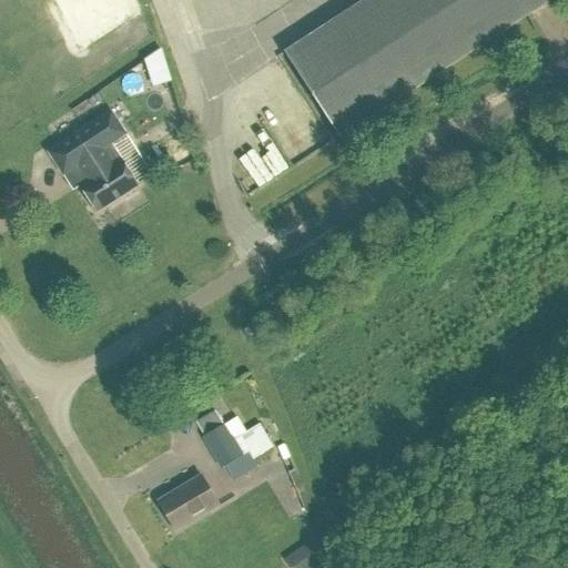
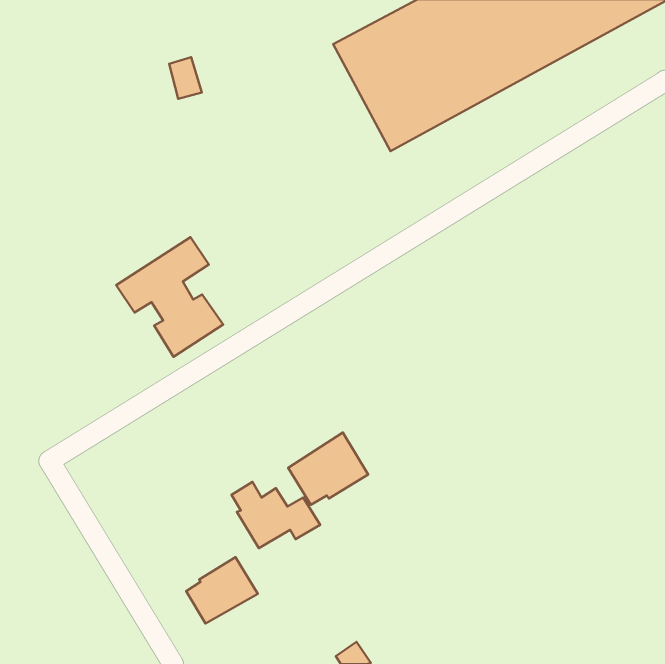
building: [48,111,139,213] -> [116,237,223,357]
building: none -> [288,433,368,505]

